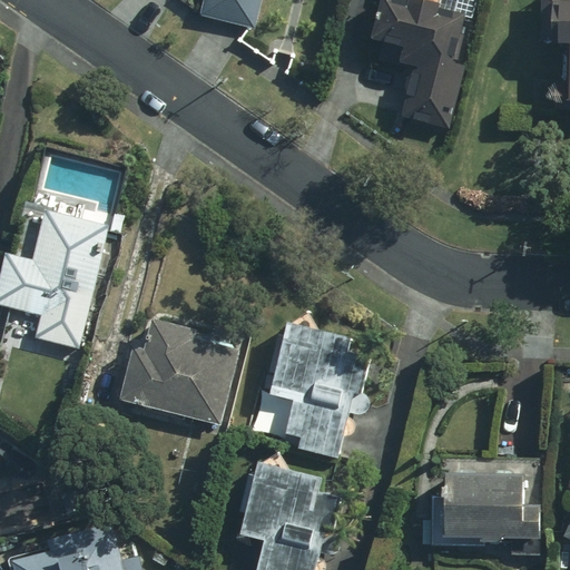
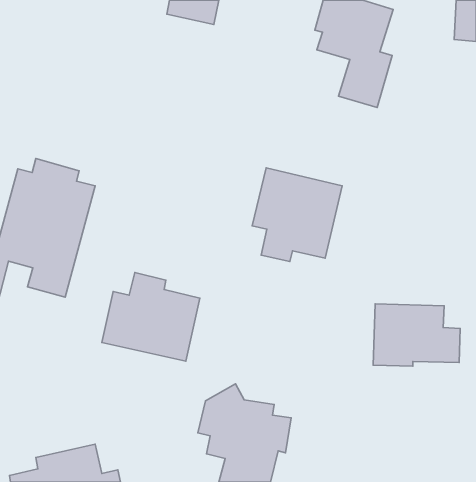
building: none -> [252,168,342,261]
building: [250,312,373,454] -> none
building: [442,472,544,546] -> [373,304,460,366]

